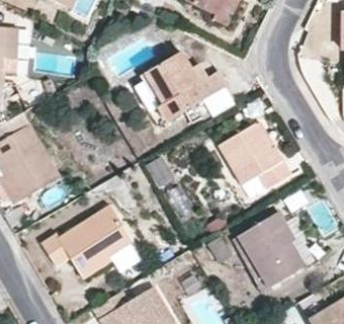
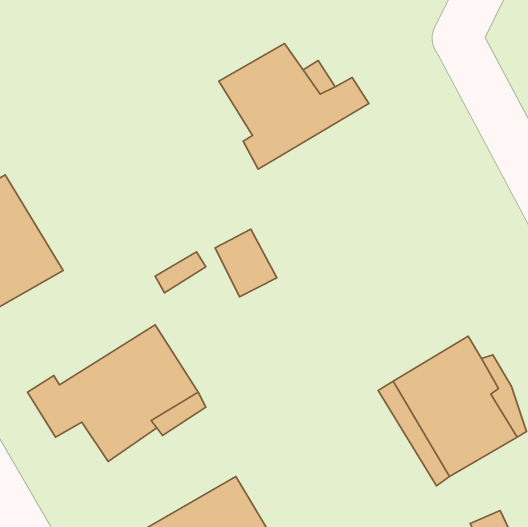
building: [219,124,290,187] -> none

